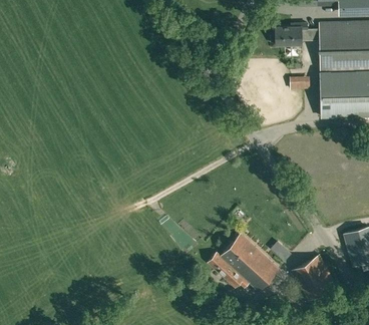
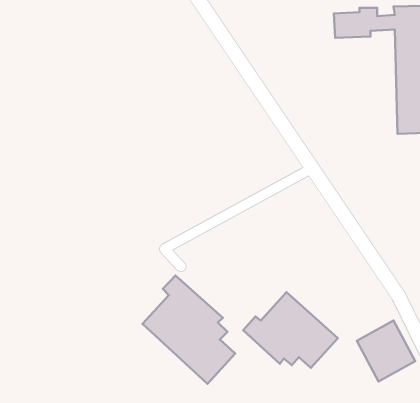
building: none -> [143,275,235,384]

